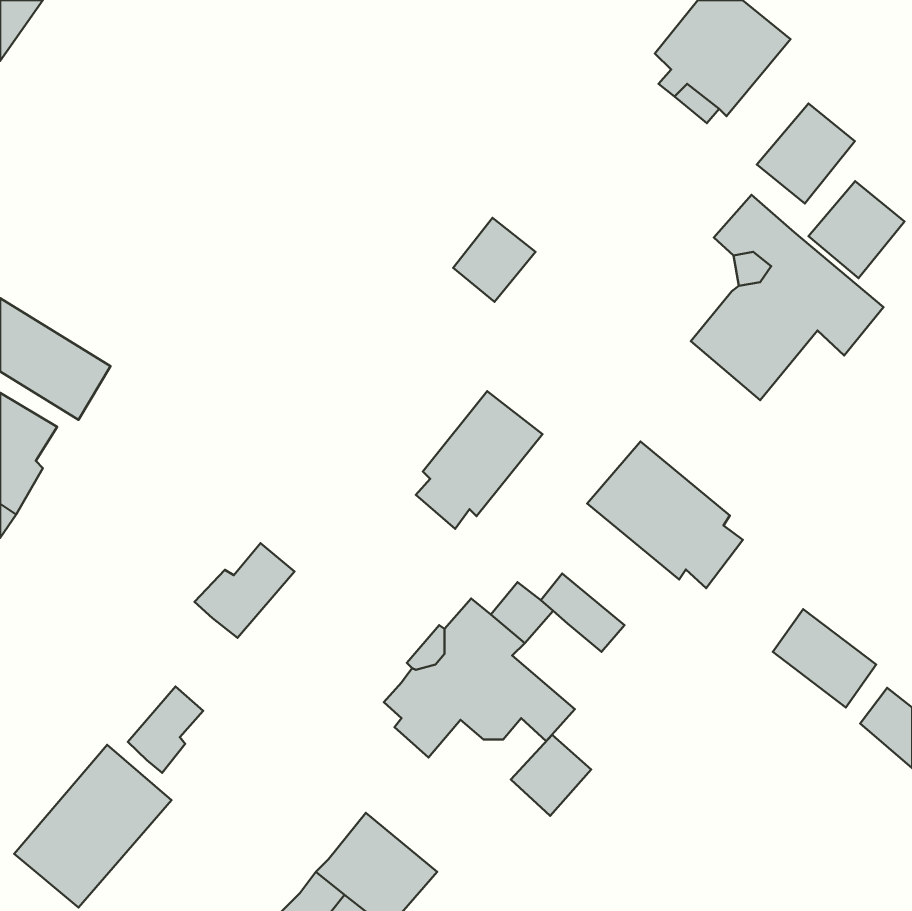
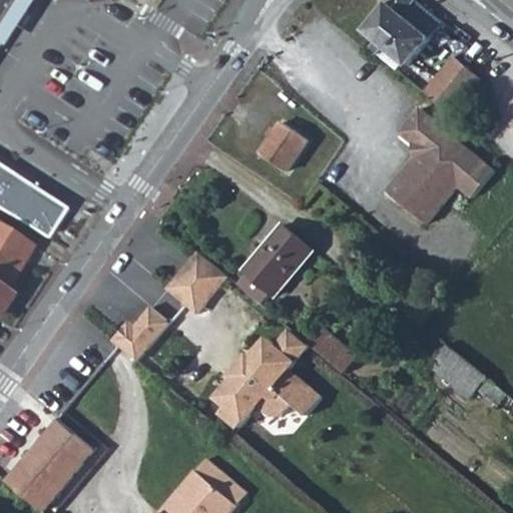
building: [808,181,905,278] -> none
building: none -> [157,242,225,312]
building: [587,441,743,588] -> none
building: [128,687,203,773] -> none
building: [511,735,591,816] -> none

